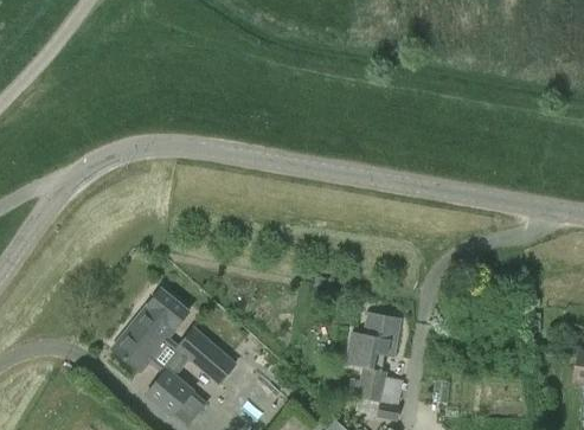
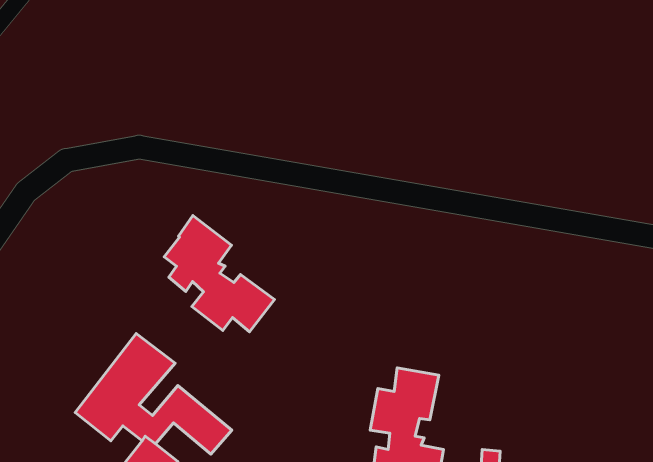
building: none -> [164,215,274,332]

